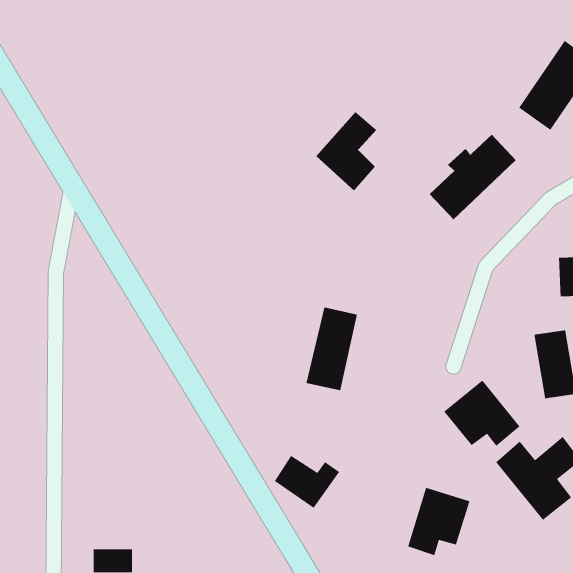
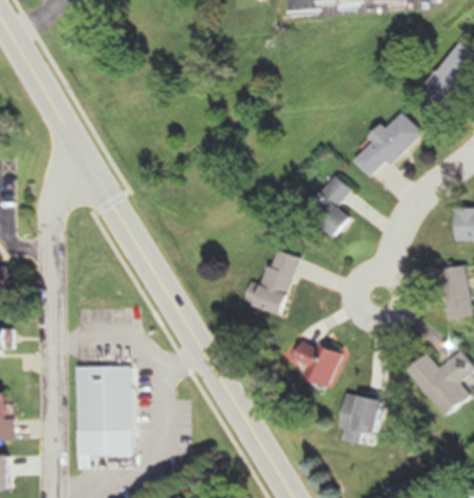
building: [316,111,377,191] -> [305,175,353,238]
building: [443,380,520,447] -> none
building: [274,455,340,509] -> [292,341,344,383]
building: none -> [75,364,129,428]

